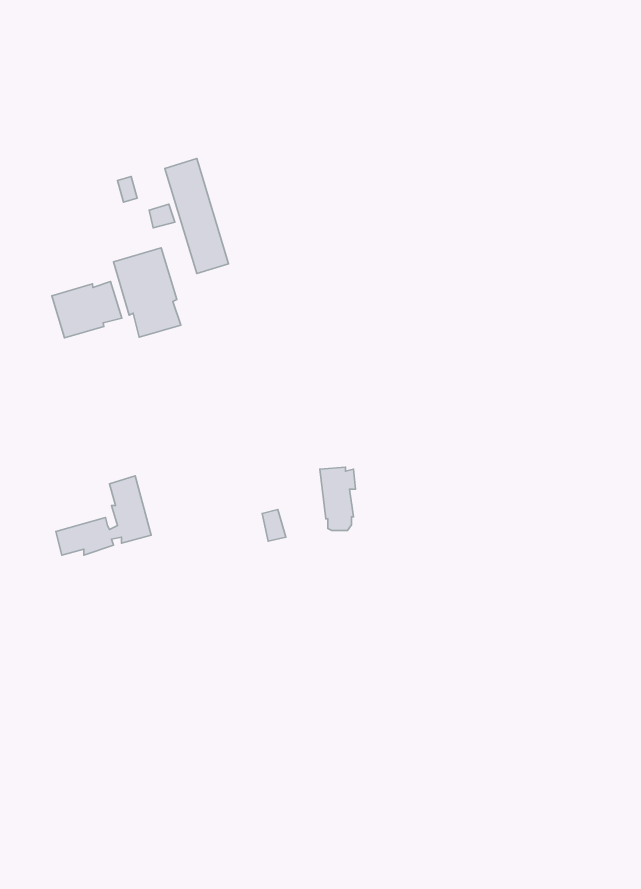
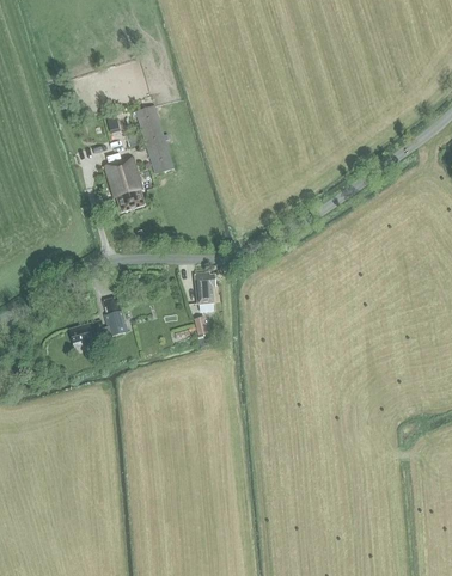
building: [52,281,122,338] -> none
building: [320,467,356,531] -> [194,271,215,310]

